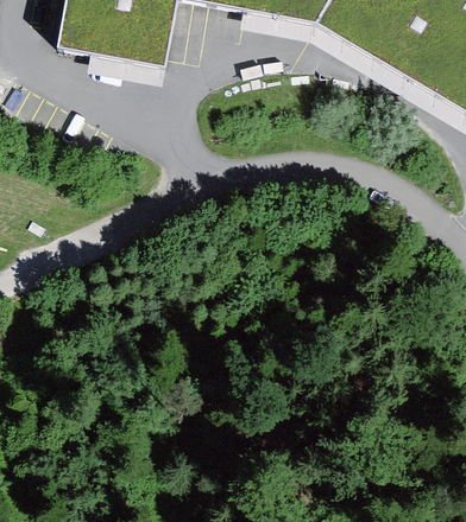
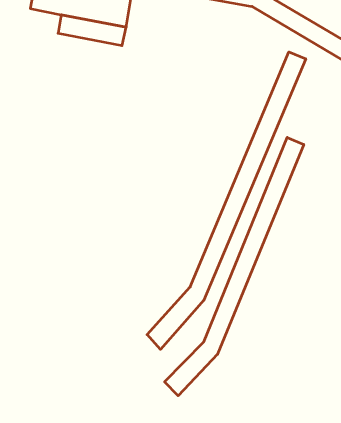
building: none -> [147,52,306,349]
building: none -> [165,137,304,396]

